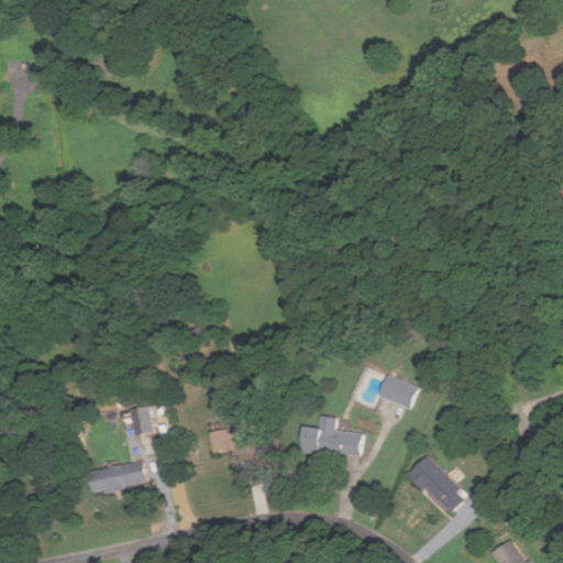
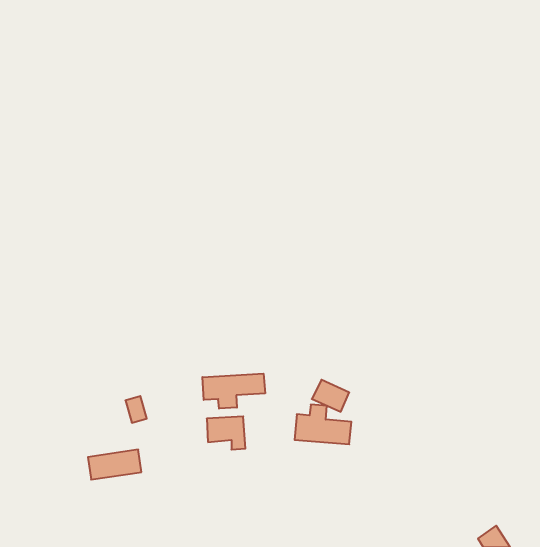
building: [377,375,416,408] -> [312,380,349,412]
building: none -> [202,374,265,409]
building: [409,456,466,514] -> none

